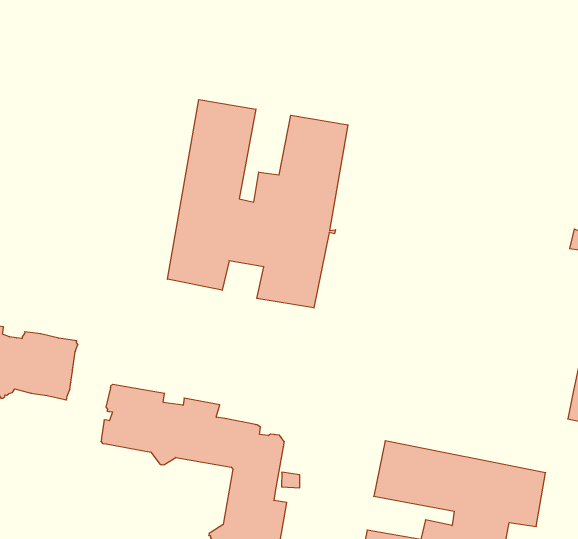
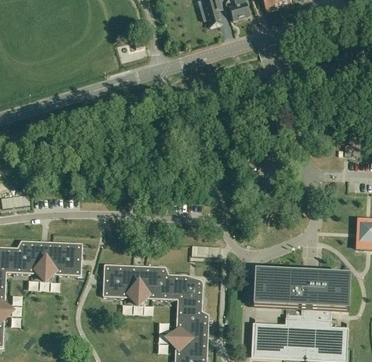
building: [167,100,348,308] -> none

